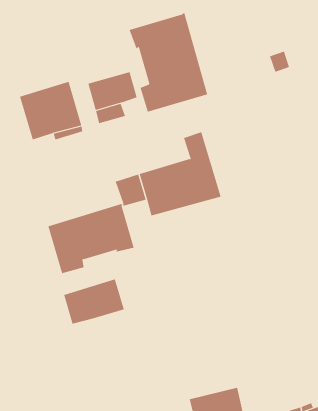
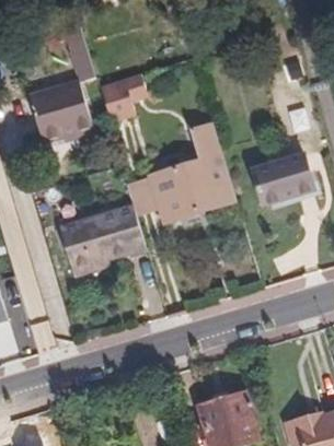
building: [129,12,208,113] -> none
building: none -> [252,152,313,201]
building: [63,279,125,325] -> none

